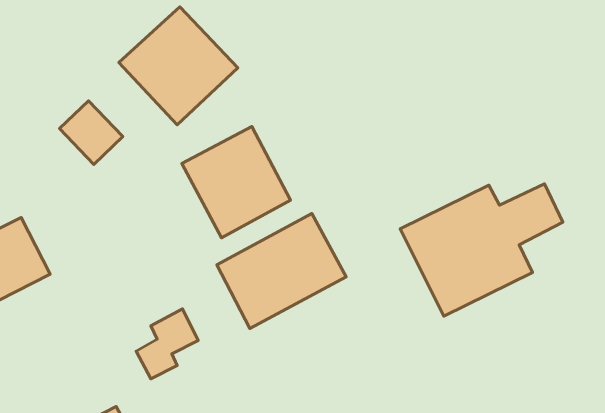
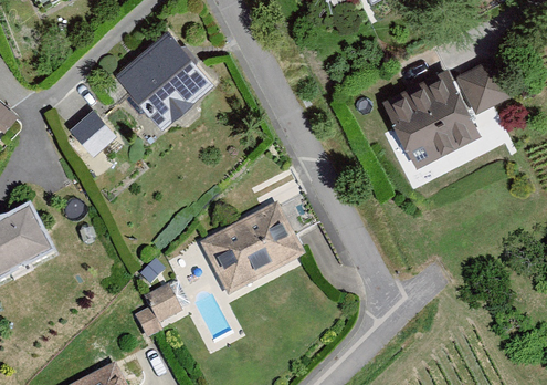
building: [182,127,290,238] -> none
building: [400,184,563,316] -> [372,62,508,173]

